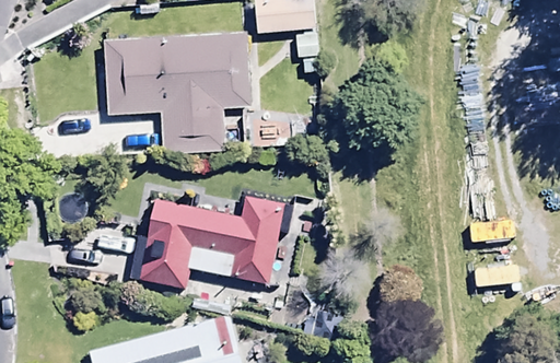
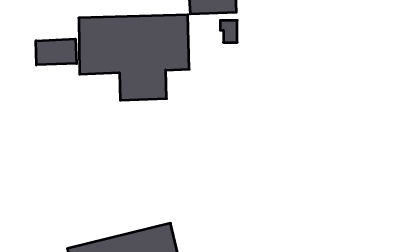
building: none -> [36,39,77,65]
building: [130,196,281,288] -> none

